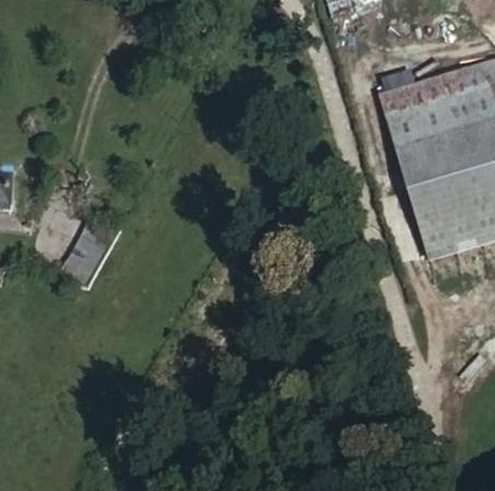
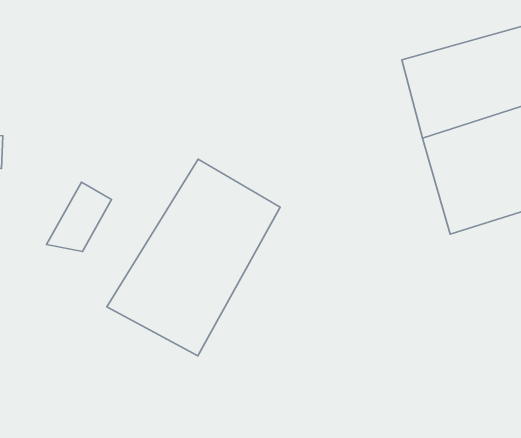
building: none -> [107,159,280,356]

